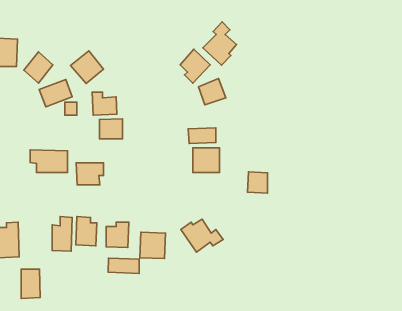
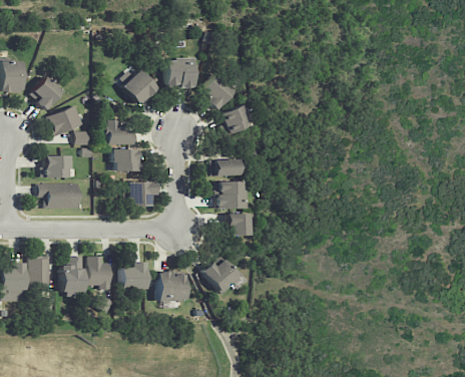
building: [203,22,236,65] -> none
building: none -> [165,58,193,88]
building: [71,51,104,84] -> [121,69,157,105]
building: none -> [40,155,69,177]
building: [76,163,104,185] -> [124,181,154,206]
building: [248,172,268,193] -> [228,213,251,236]
building: [108,258,139,273] -> none
building: [21,269,40,298] -> [29,256,50,288]

